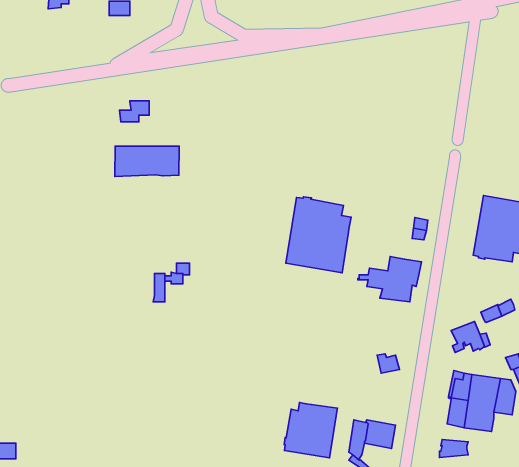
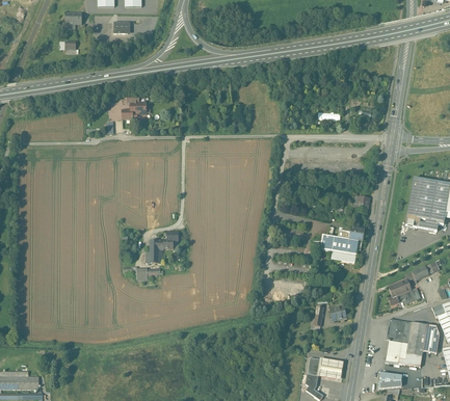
building: [115,146,179,176] -> none
building: [286,197,351,273] -> none
building: [284,402,338,458] -> none

